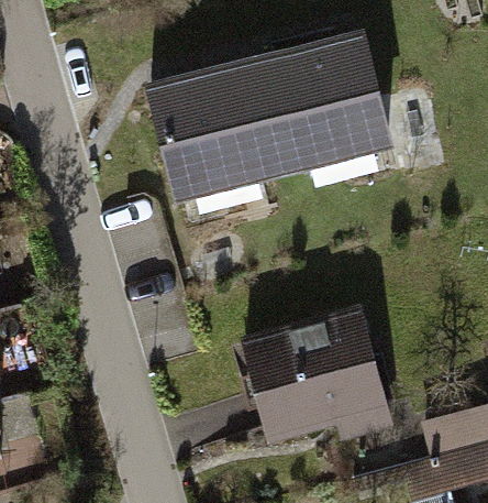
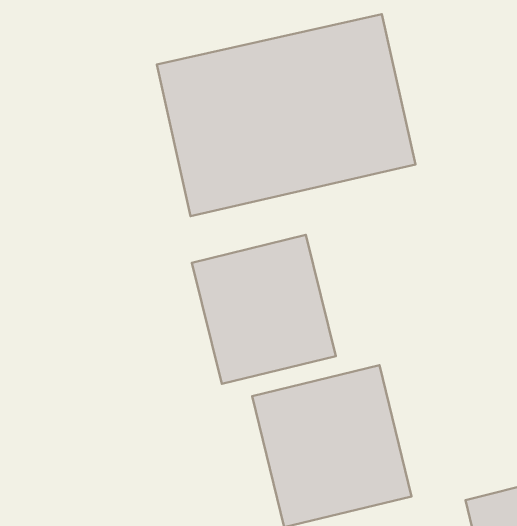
building: none -> [192,235,336,384]

